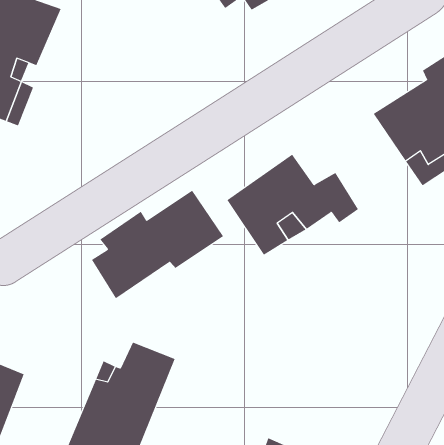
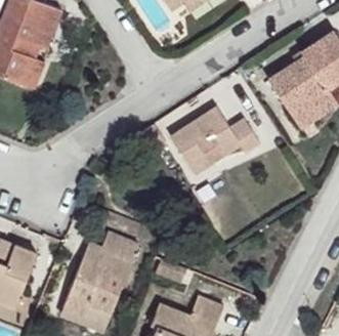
building: [91,190,224,299] -> none

